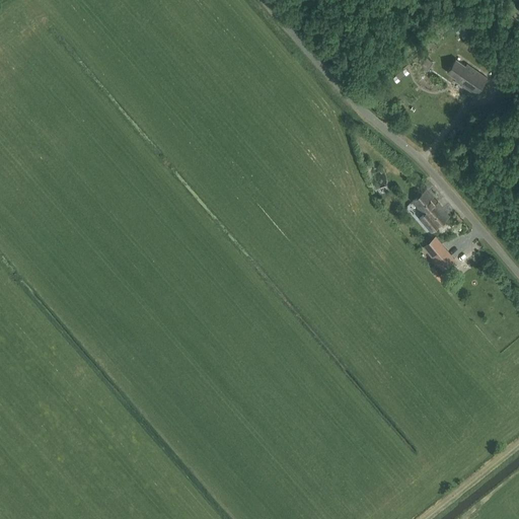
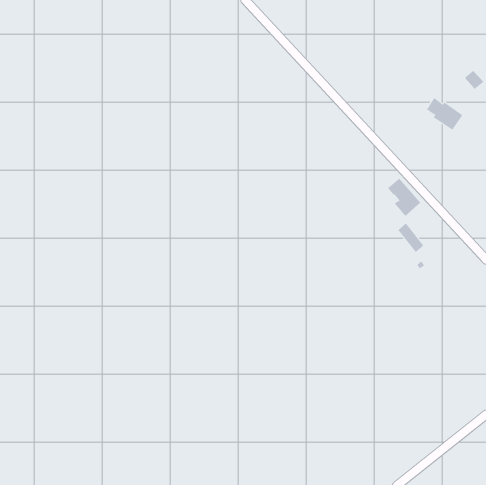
building: [448,60,488,95] -> [426,97,463,130]

